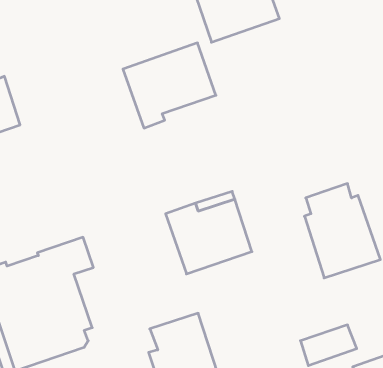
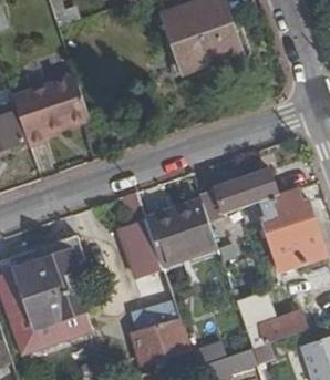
building: [123,43,216,128] -> [10,72,89,144]
building: none -> [216,168,278,214]
building: none -> [118,192,162,278]

